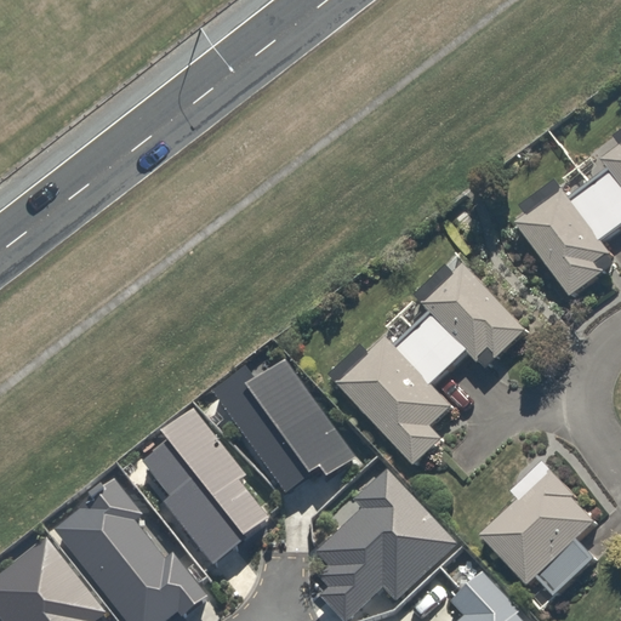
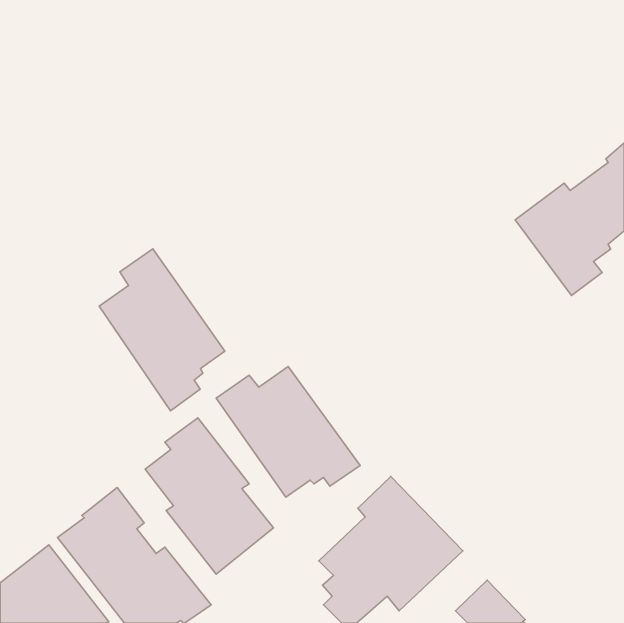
building: none -> [99,249,225,411]
building: [332,263,524,462] -> none
building: [478,463,598,591] -> none

